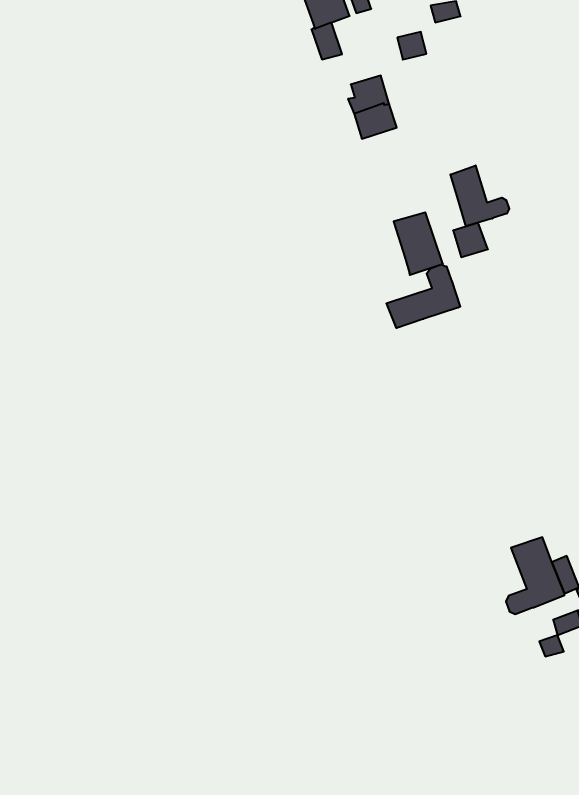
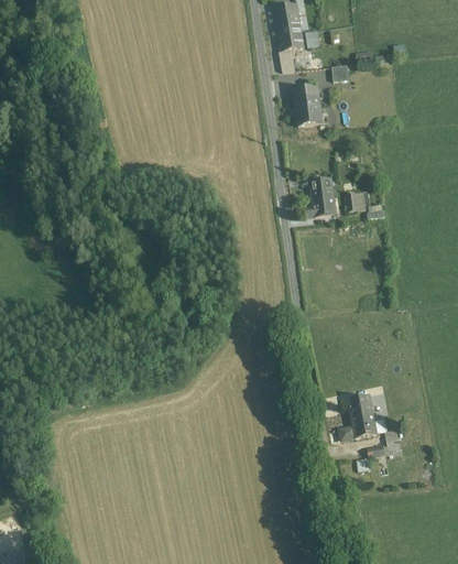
building: [450,165,509,226] -> none
building: [386,265,460,328] -> none

